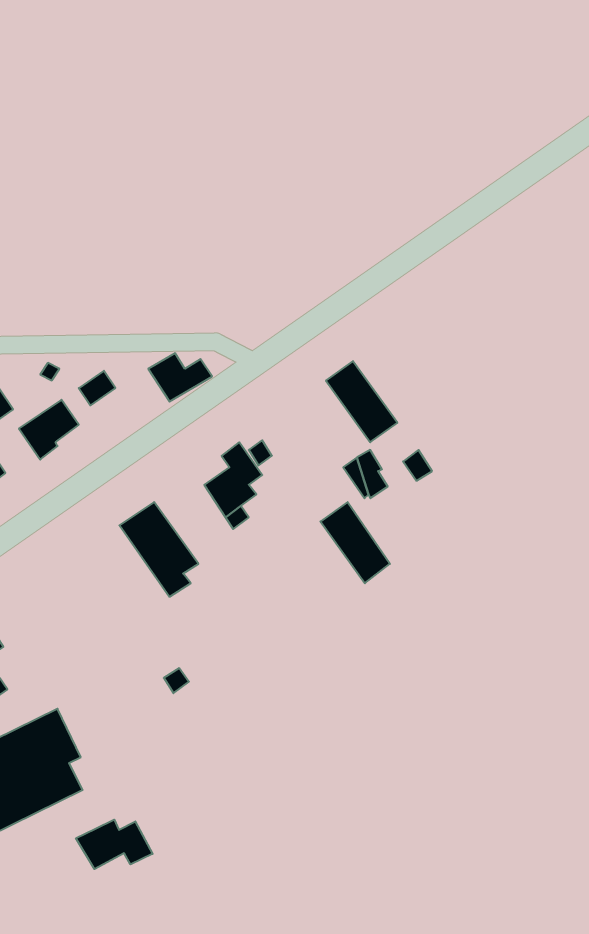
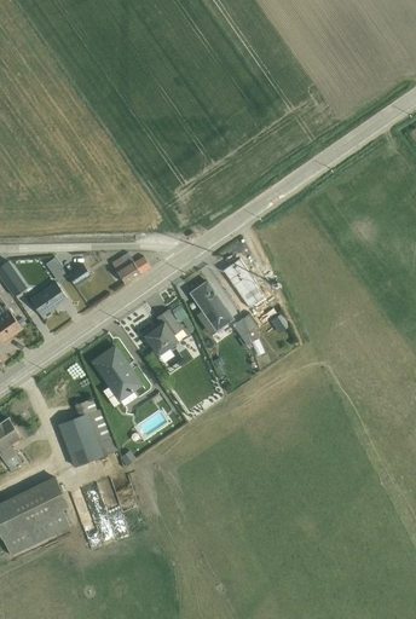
building: [320,502,390,583] -> [189,280,232,331]
building: none -> [58,398,116,465]
building: [76,820,153,869] -> none

